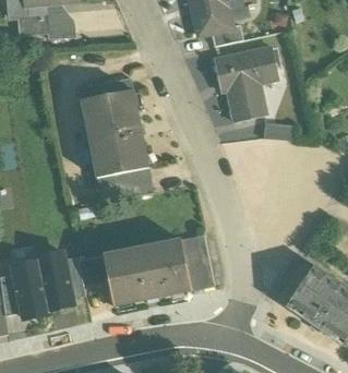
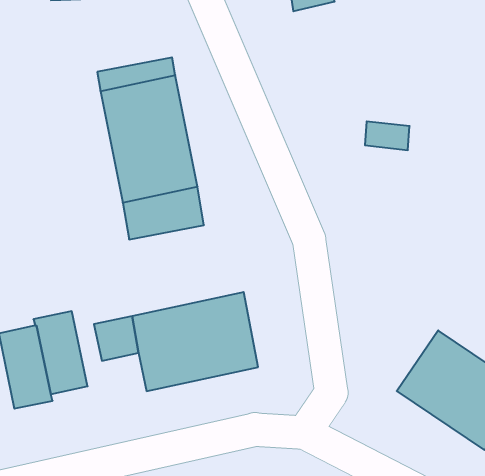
building: [214,47,278,122] -> none
building: [180,234,214,290] -> none

